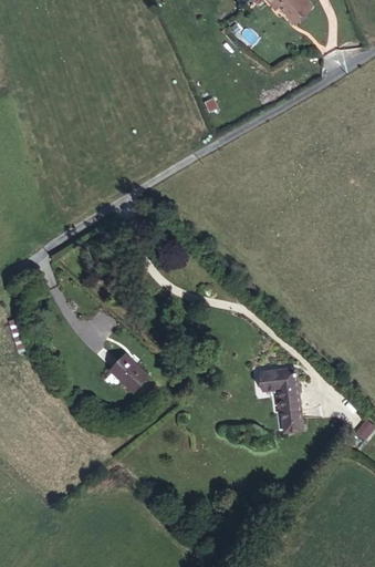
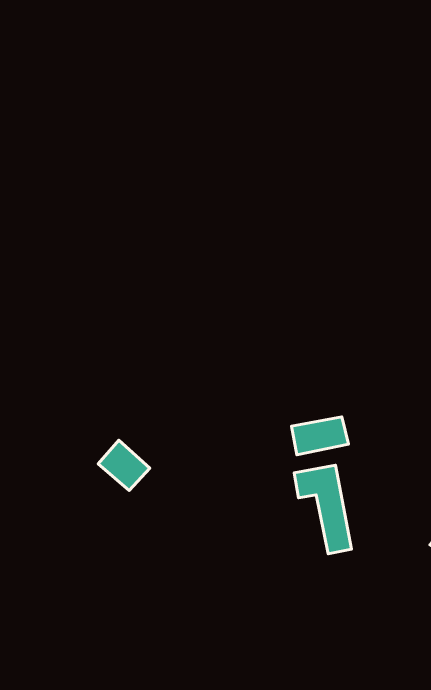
building: none -> [291,417,349,455]

